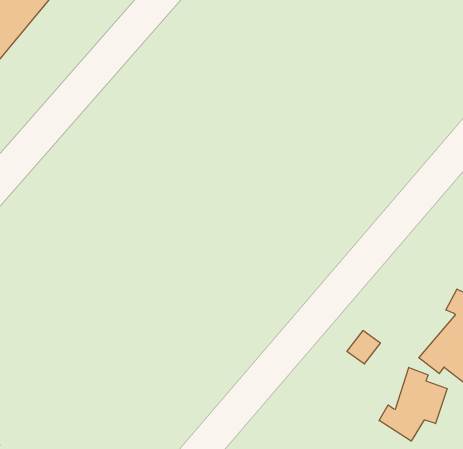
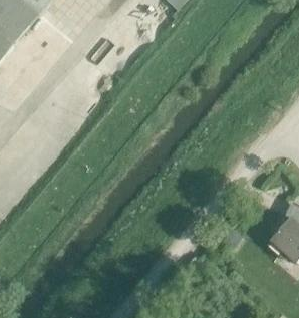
building: [379,367,447,441] -> none

